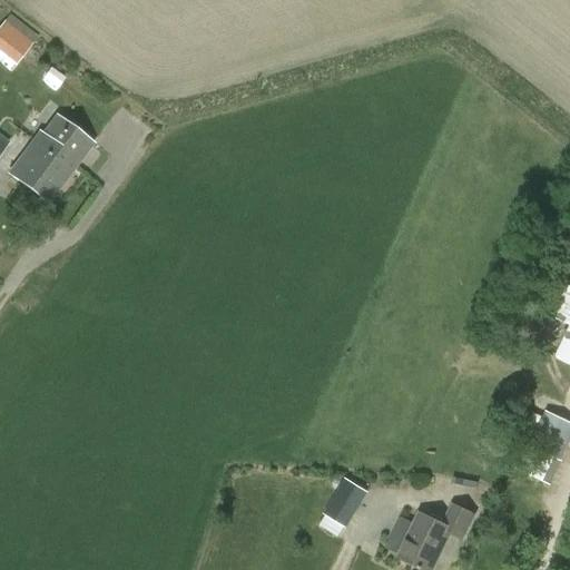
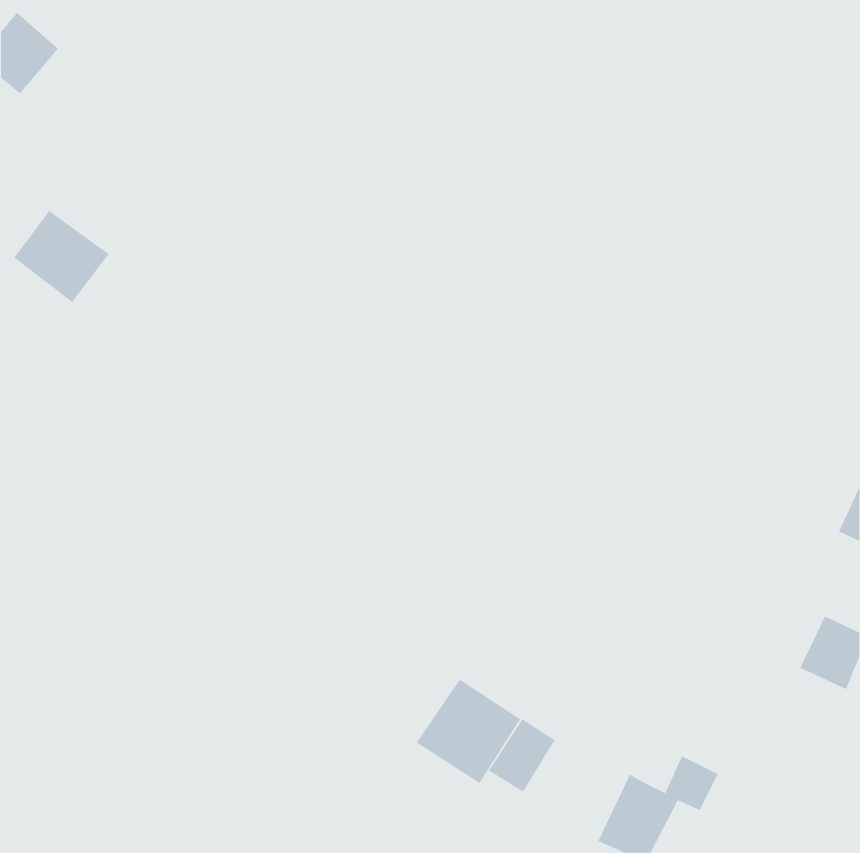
building: [32,112,92,168] -> none
building: none -> [416,679,521,784]

